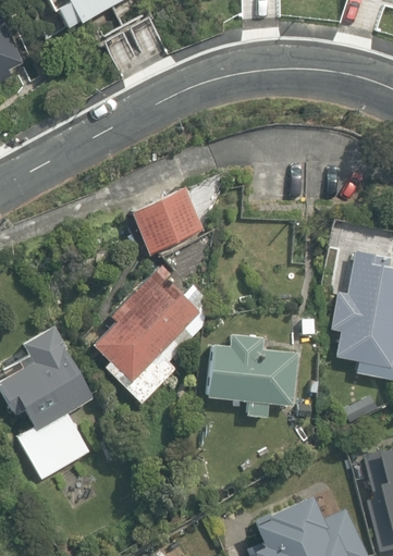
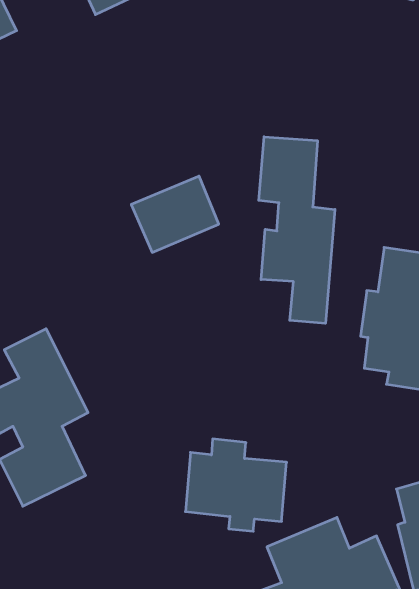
building: none -> [259,137,335,323]
building: [95,276,199,406] -> none
building: [207,334,296,416] -> [185,439,287,531]

